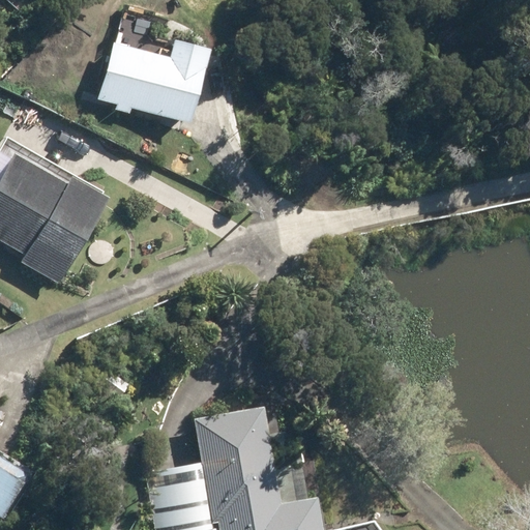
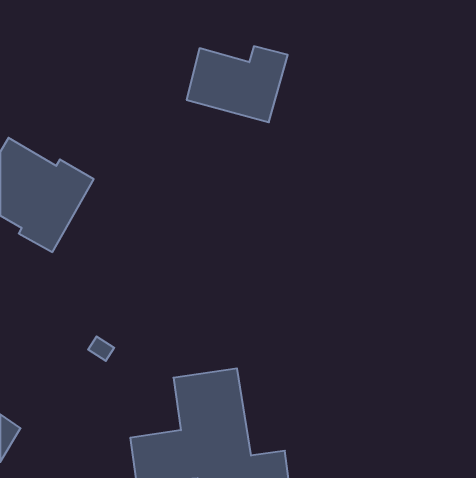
building: [97,39,209,123] -> [187,46,288,122]

